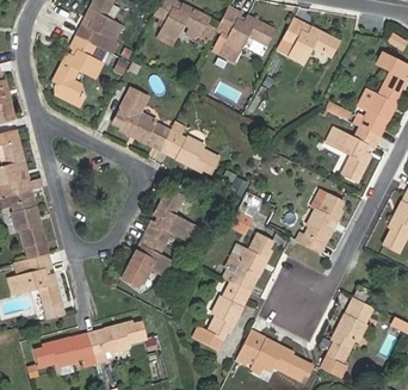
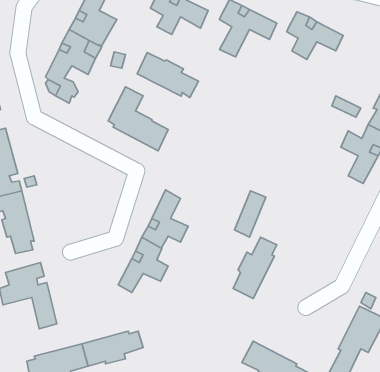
building: [160,130,218,173] -> [137,52,199,98]
building: [296,188,342,253] -> none
building: [193,281,251,349] -> none

